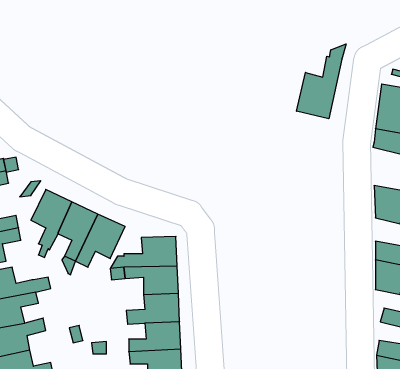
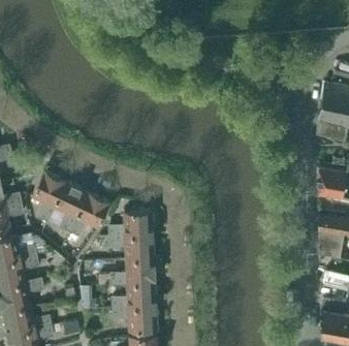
building: [297,44,346,119] -> none

